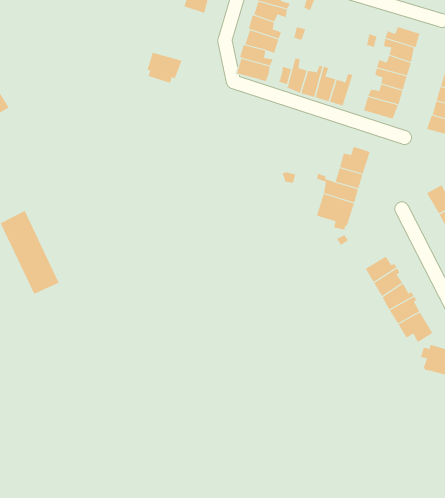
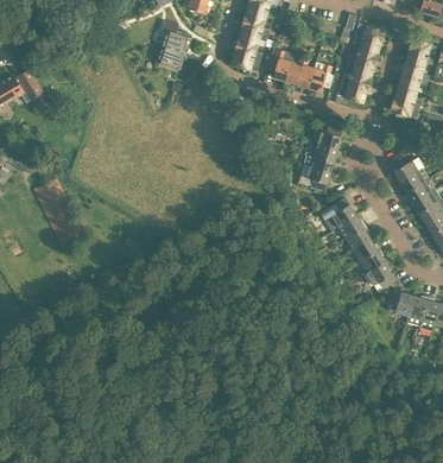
building: none -> [162,20,191,53]
building: none -> [318,197,356,232]

